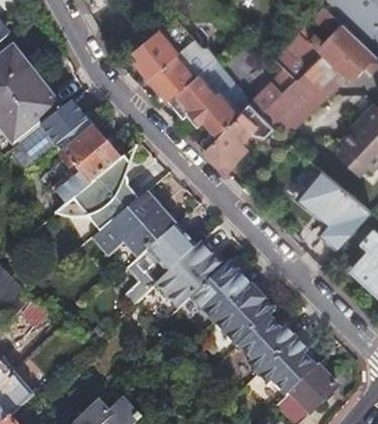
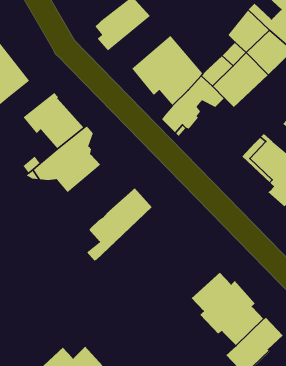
building: [147,39,215,100] -> none
building: [40,100,89,153] -> none
building: [93,193,177,257] -> none
building: [156,241,275,345] -> none

